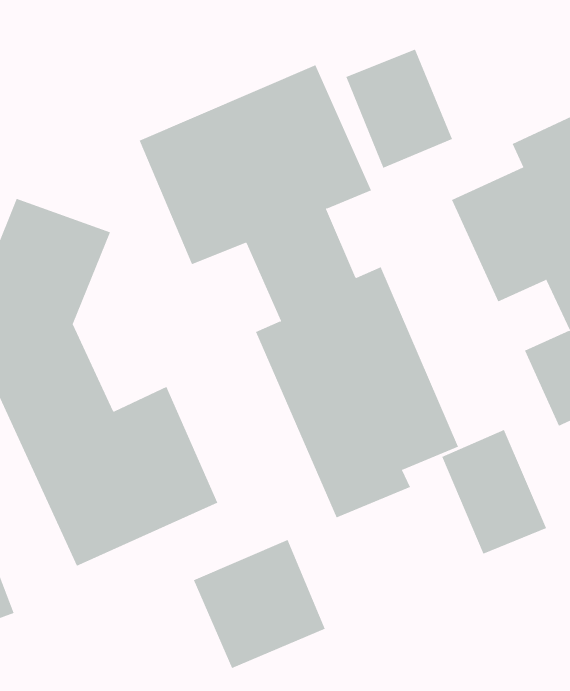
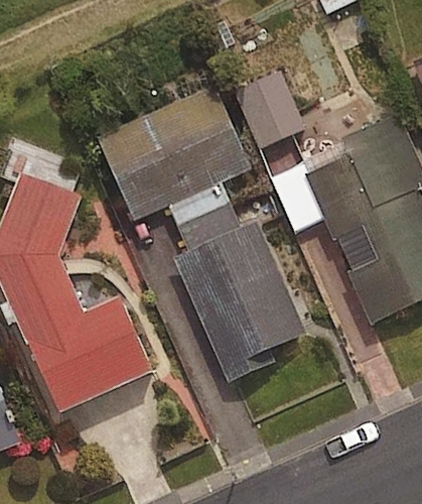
building: [442,429,547,555] -> none
building: [193,539,325,669] -> none

